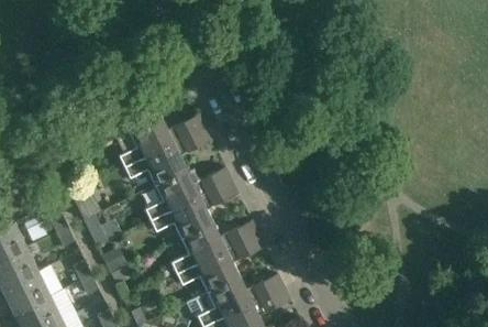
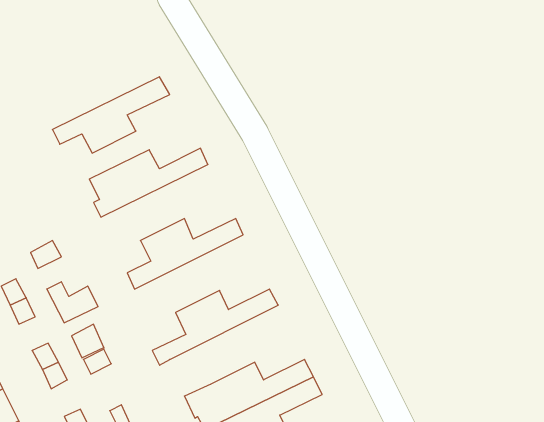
building: [123,127,211,184] -> [52,77,170,153]
building: [144,179,236,238] -> none
building: [175,232,263,292] -> none

